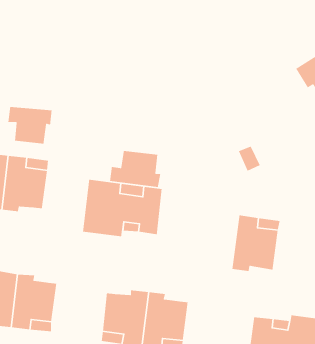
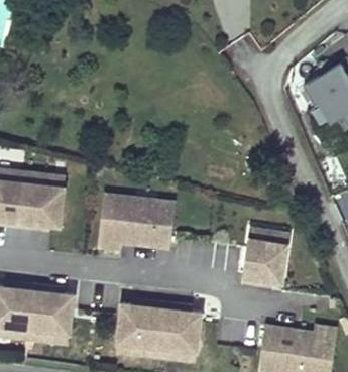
building: [8,106,53,145] -> none
building: [109,150,161,188] -> none

